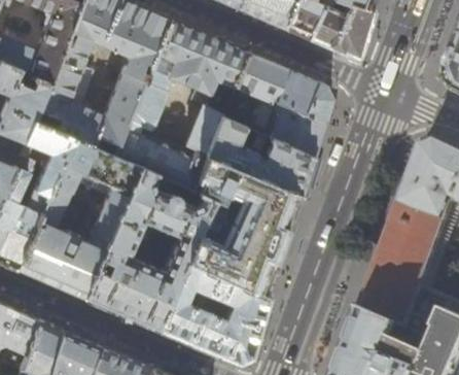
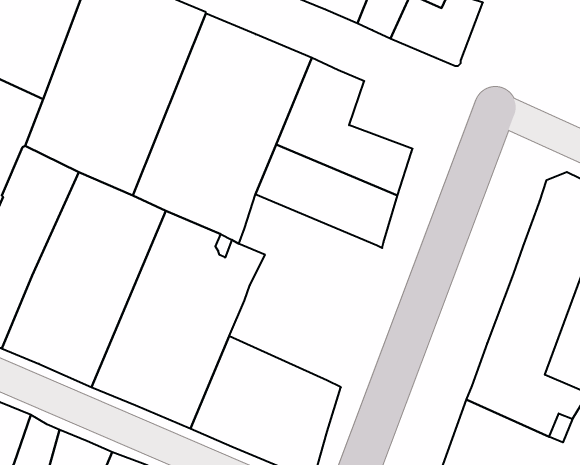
building: [274,69,327,120] -> none
building: [184,154,294,293] -> none

